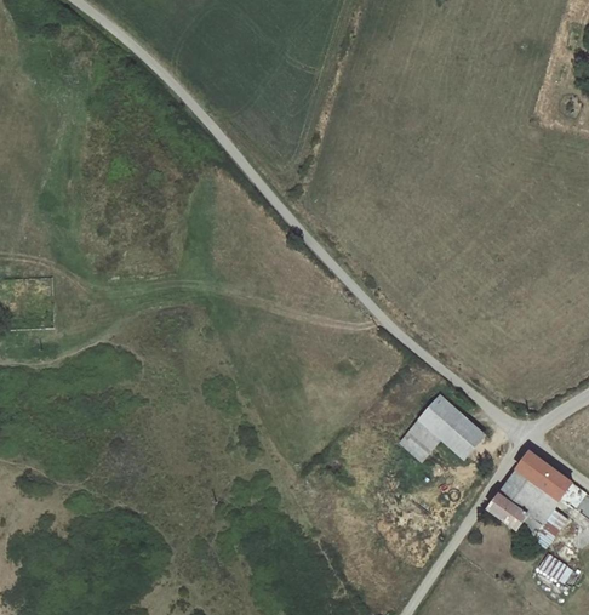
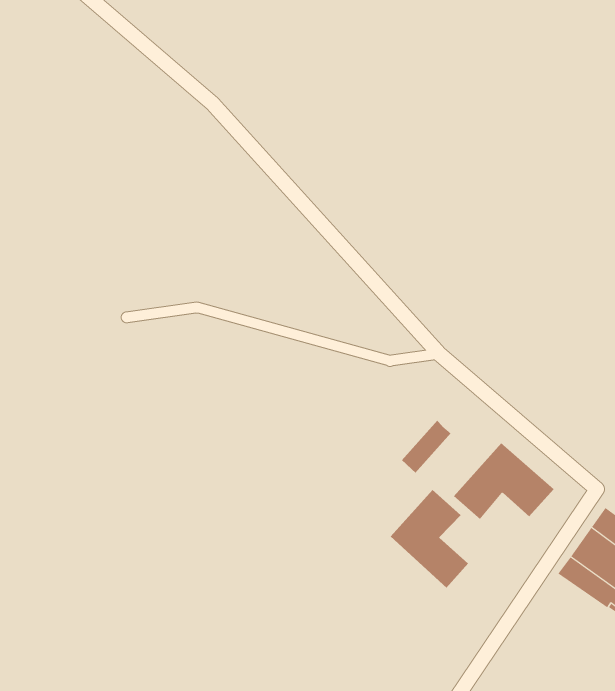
building: none -> [401,420,451,474]
building: none -> [390,489,469,589]

